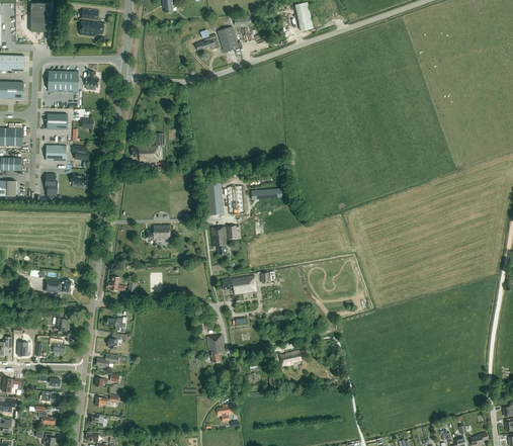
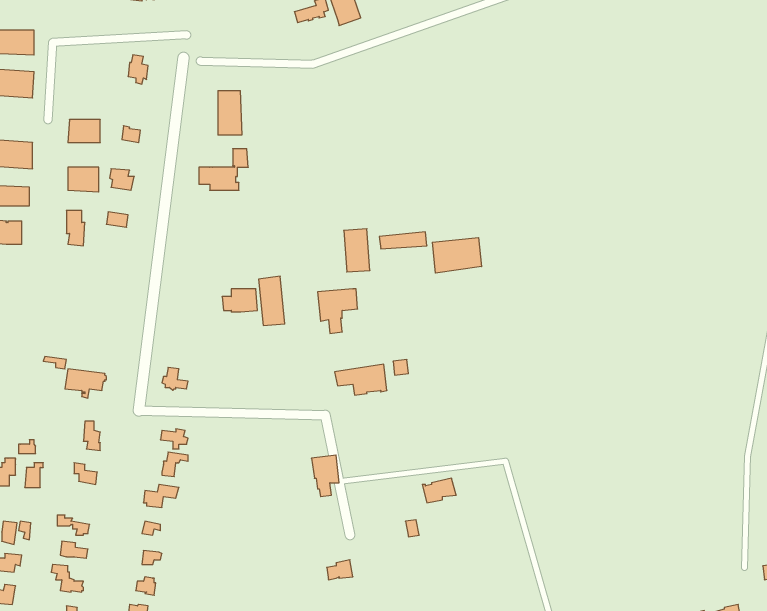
building: [48,71,79,93] -> none
building: none -> [218,91,242,135]
building: [205,182,223,214] -> [259,276,285,325]
building: none -> [432,238,482,273]

